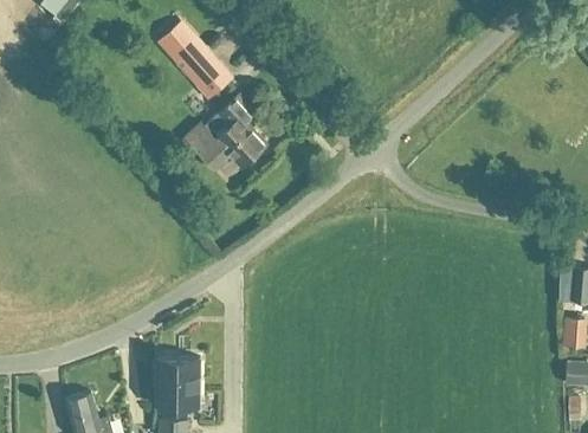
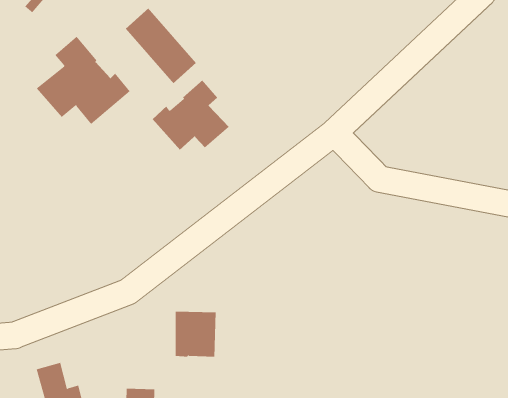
building: none -> [36,36,130,125]
building: [156,357,200,406] -> [175,311,216,357]

